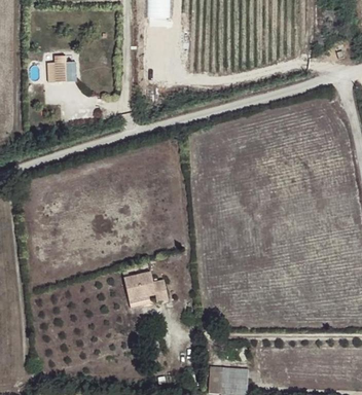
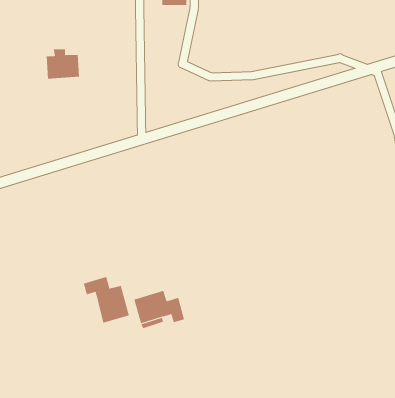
building: none -> [83,276,129,323]

